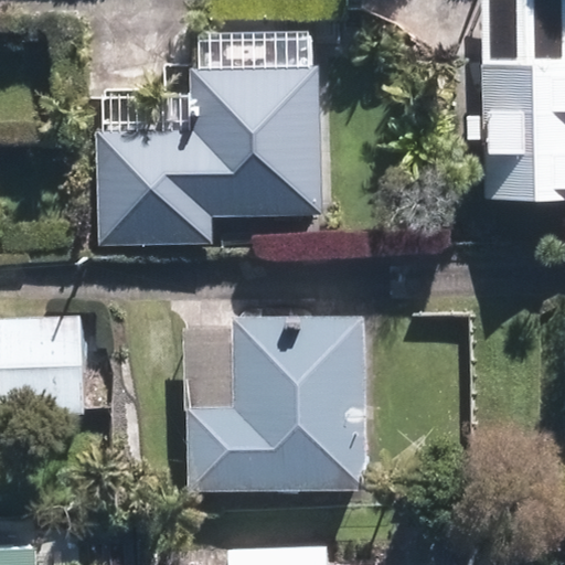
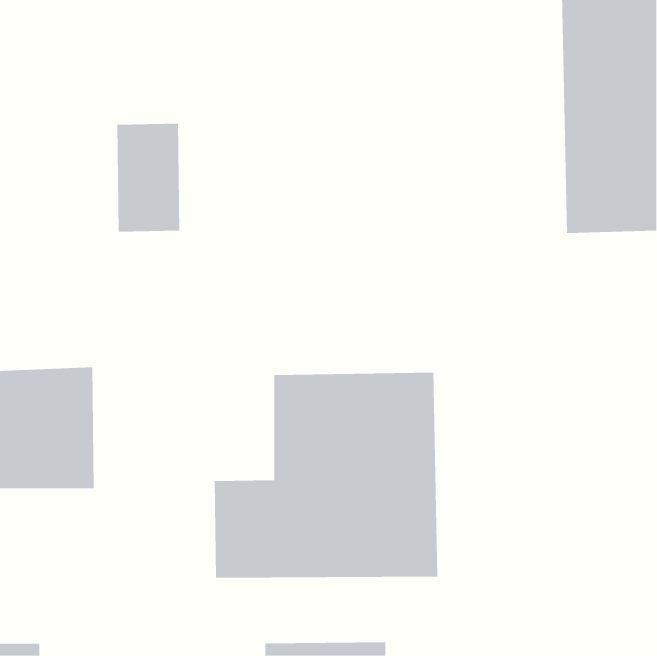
building: [190,65,324,216] -> none

